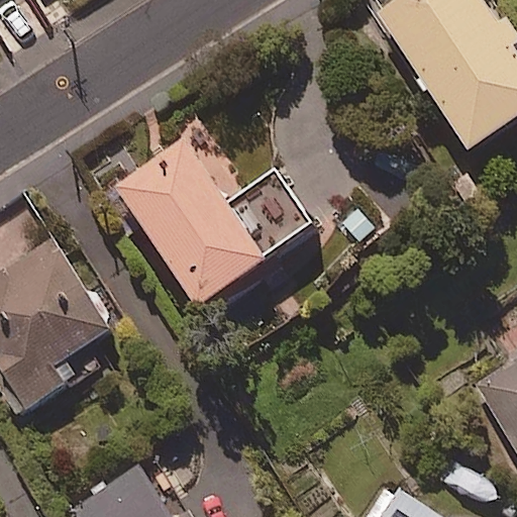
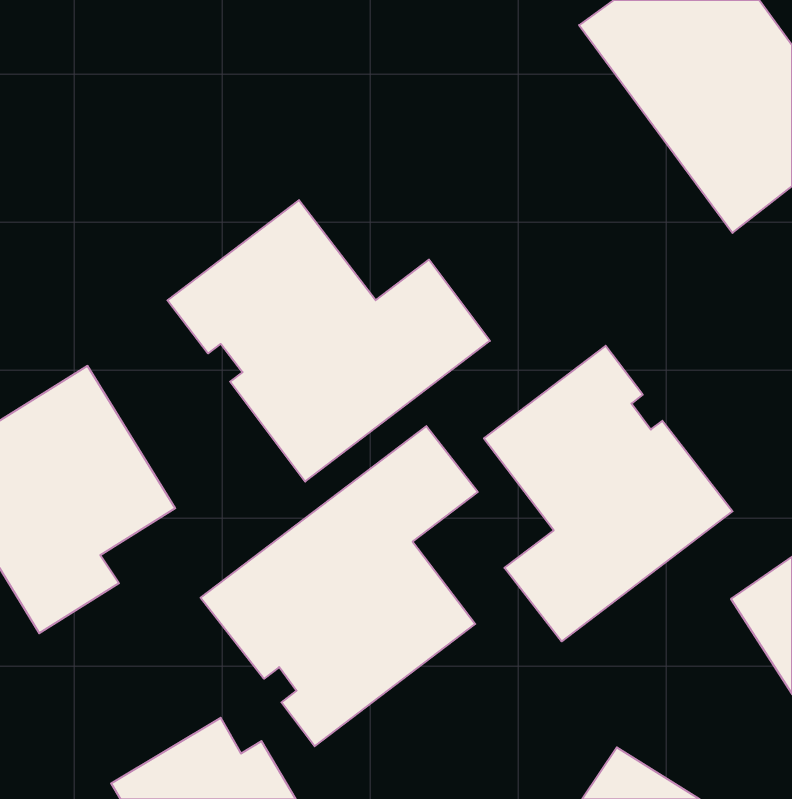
building: none -> [484,346,733,641]
building: none -> [201,426,478,746]

